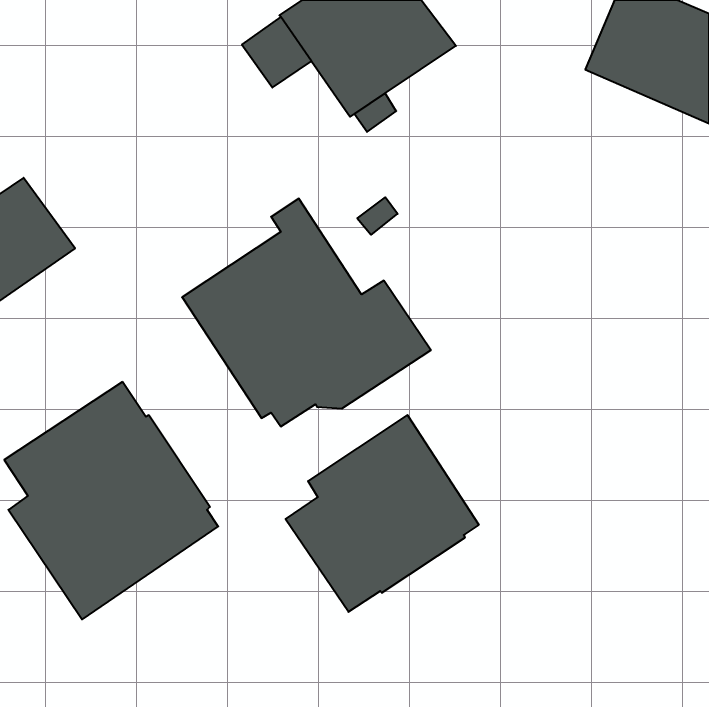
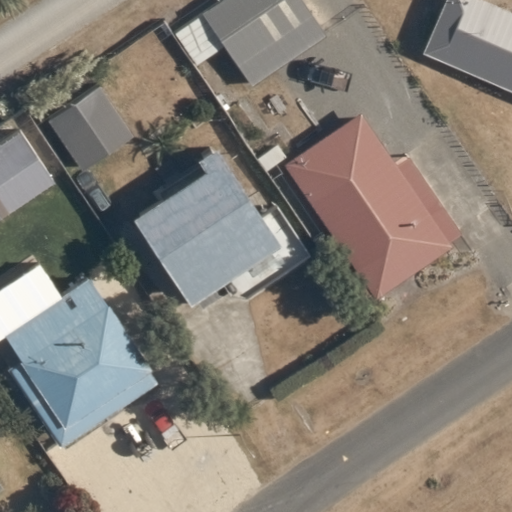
building: none -> [47,85,132,169]
building: none -> [283,112,461,299]
building: [286,415,479,612] -> none

